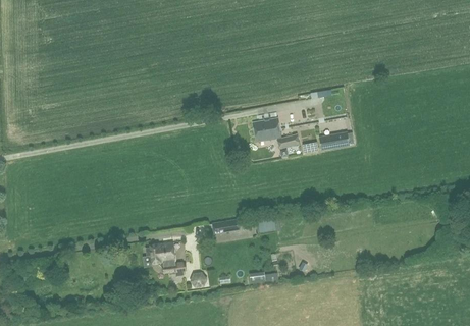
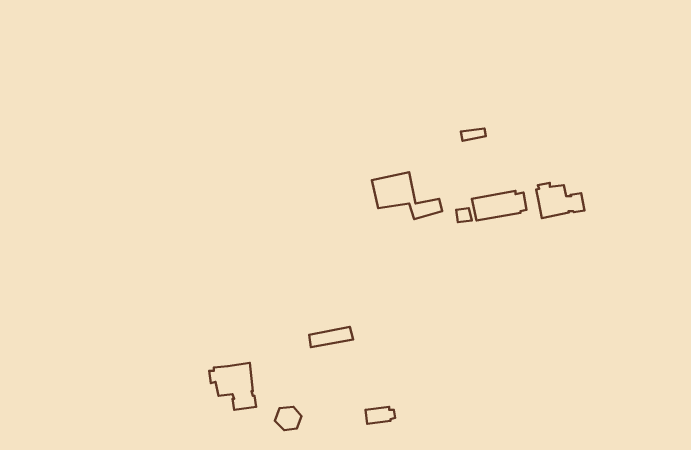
building: none -> [536,183,584,218]

